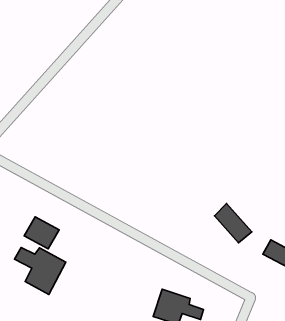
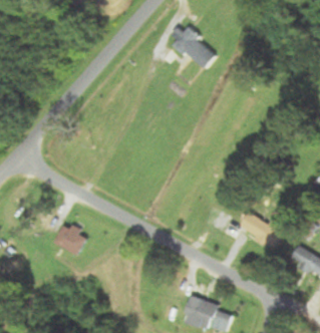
building: none -> [173,27,214,66]
building: [15,247,66,294] -> none

